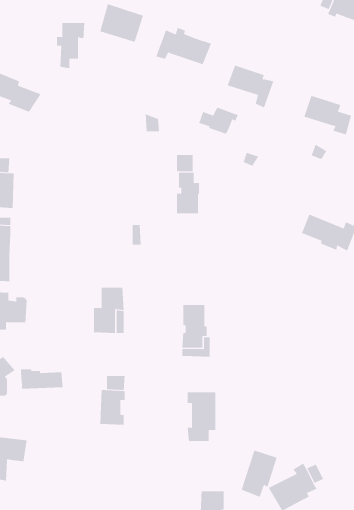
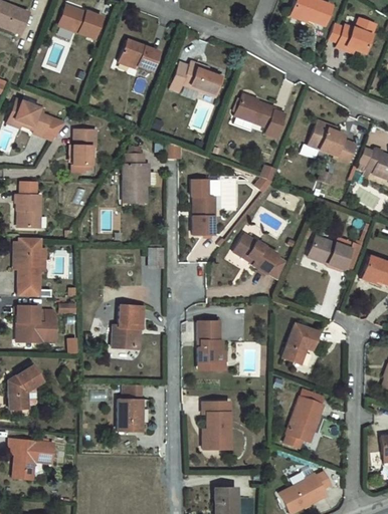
building: [56,23,85,69] -> [67,134,94,177]
building: [198,107,238,134] -> none
building: none -> [123,150,155,199]
building: none -> [234,232,287,278]
building: none -> [282,320,319,362]
building: [20,369,63,389] -> none
building: [241,450,277,497] -> [290,397,325,441]

